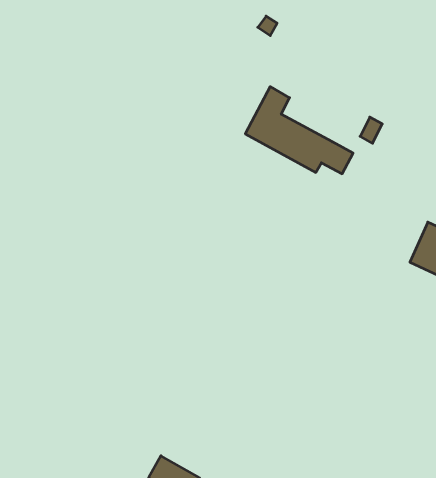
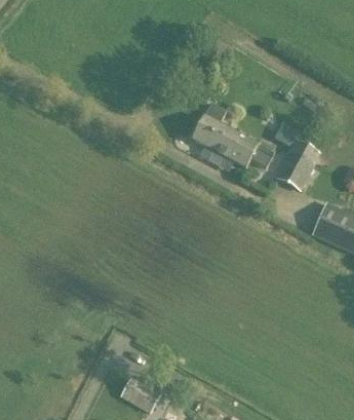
building: none -> [276,141,318,189]

